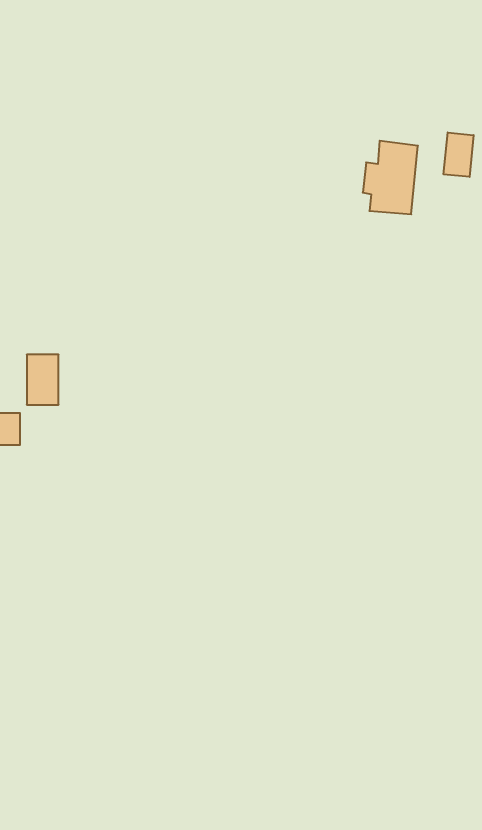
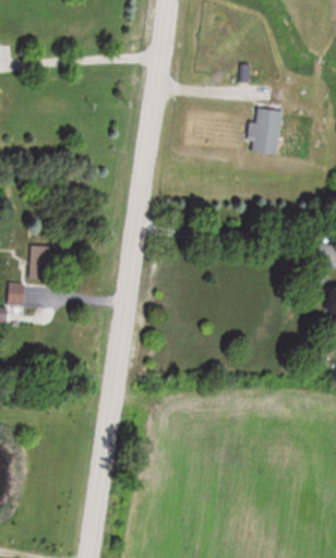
building: [444,132,474,177] -> none

